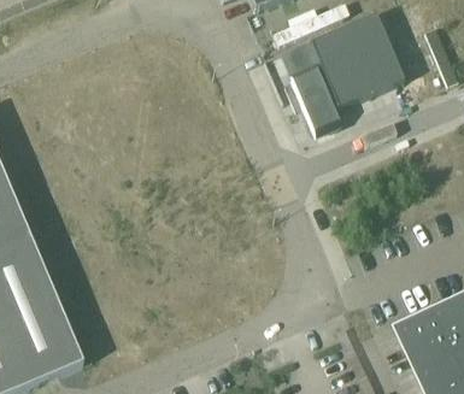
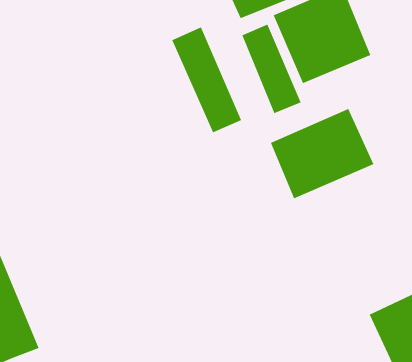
building: none -> [171,26,242,133]
building: none -> [270,108,374,199]

